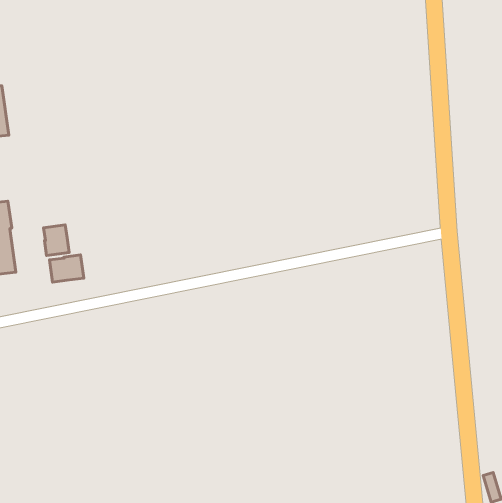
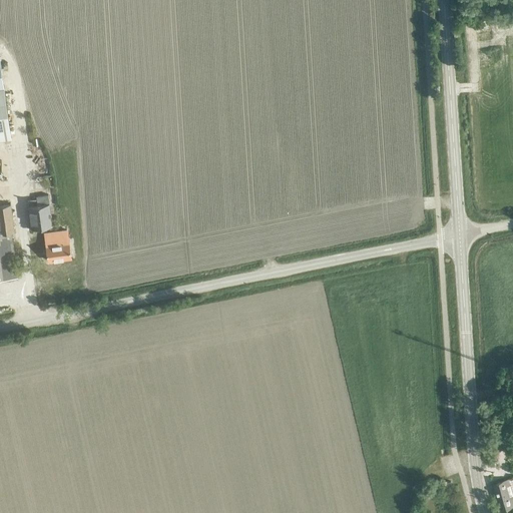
building: none -> [26,195,50,229]
building: [49,255,84,282] -> none

